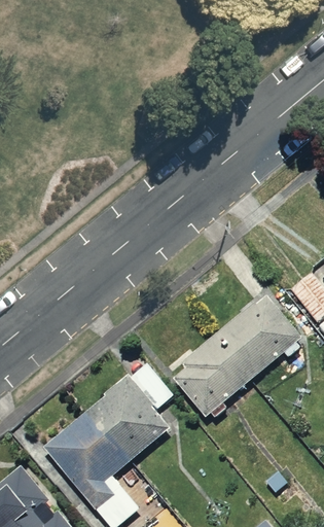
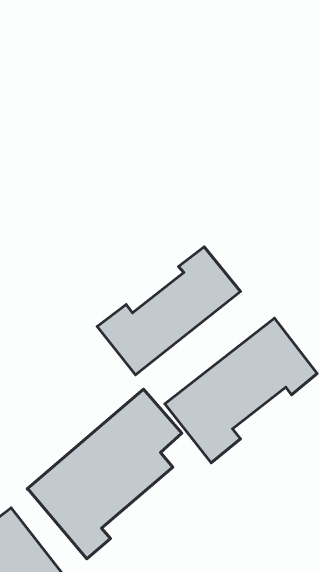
building: none -> [97,247,240,375]

